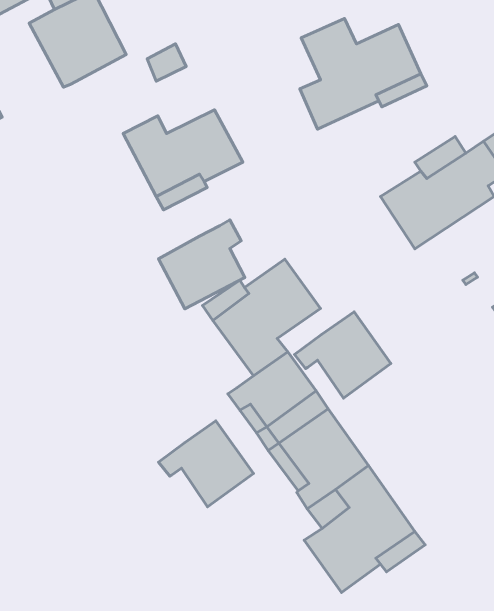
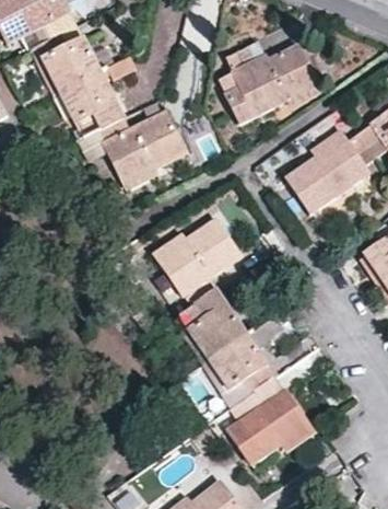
building: none -> [58,69,121,136]
building: [159,220,245,309] -> none
building: [294,312,391,398] -> none
building: [158,421,253,507] -> none

